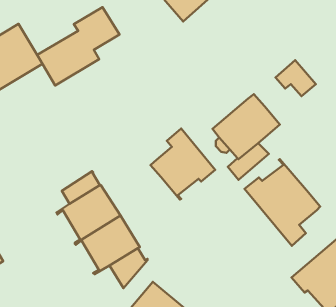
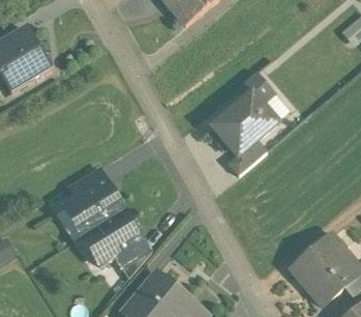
building: [37,7,119,85] -> none
building: [276,60,316,96] -> [238,69,276,104]
building: [151,128,215,200] -> none
building: [245,159,320,246] -> none

